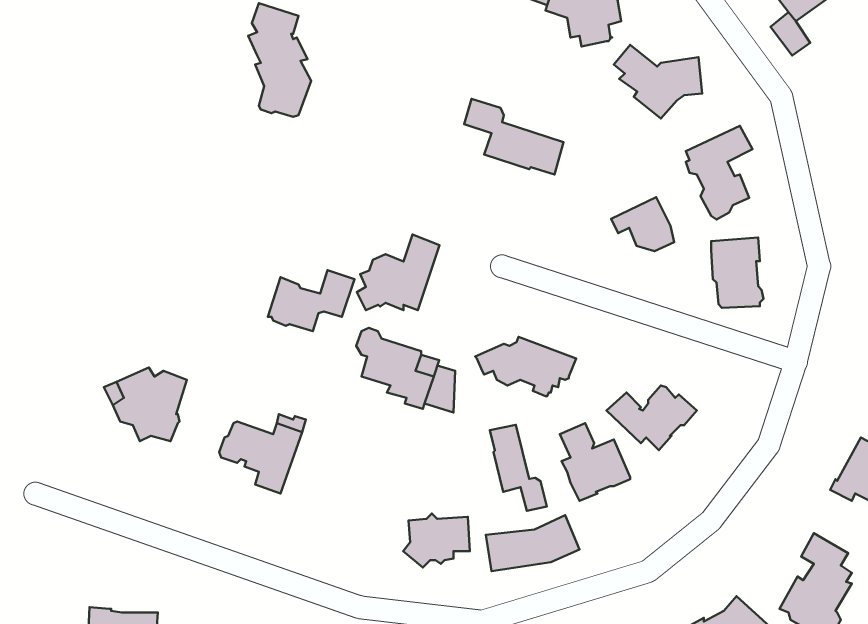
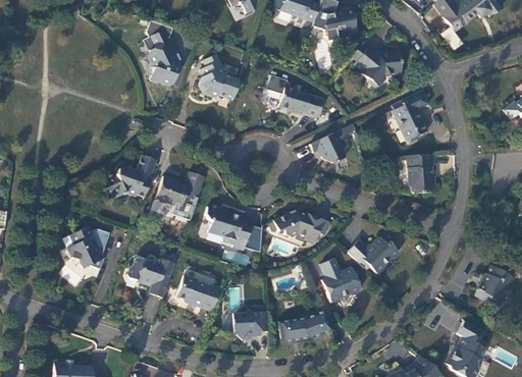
building: none -> [198,53,239,99]
building: [611,197,674,251] -> [309,131,345,162]
building: [357,235,440,310] -> [109,154,156,197]
building: [490,425,547,511] -> none
building: none -> [176,274,220,311]

